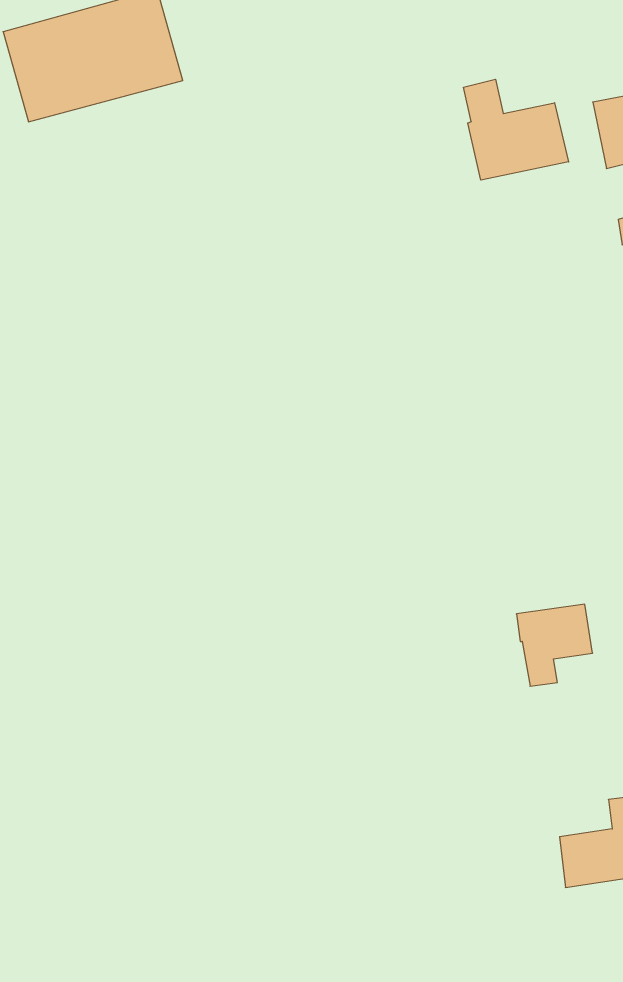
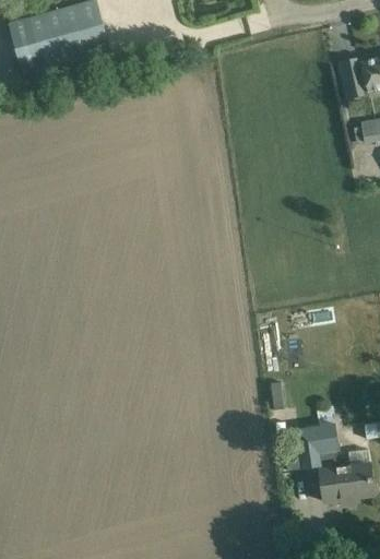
building: [464,79,569,180] -> none
building: [516,604,593,686] -> [297,423,340,468]

